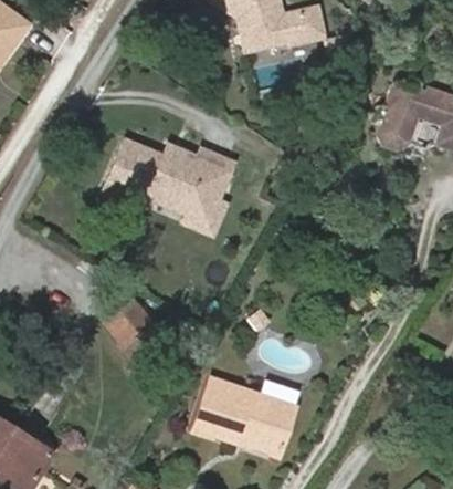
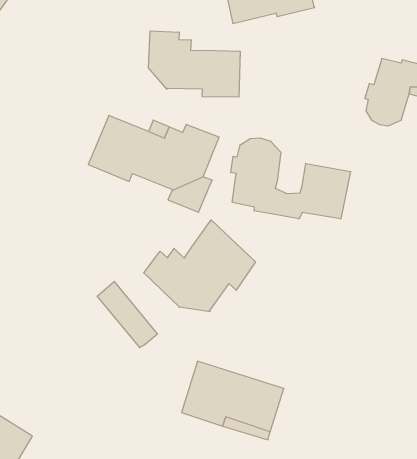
building: none -> [148,31,240,97]
building: none -> [231,138,351,219]
building: none -> [144,220,255,312]

